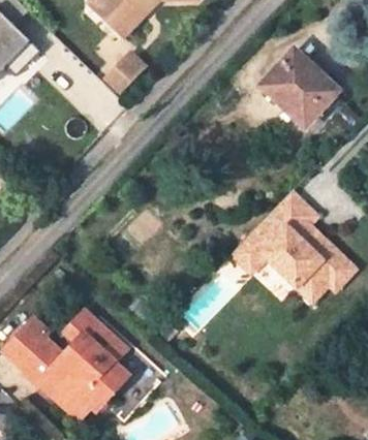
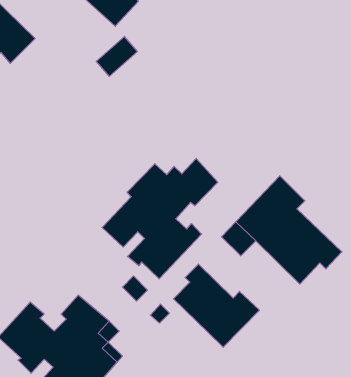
building: [263,51,339,126] -> none
building: none -> [102,158,218,279]
building: none -> [173,264,259,347]

